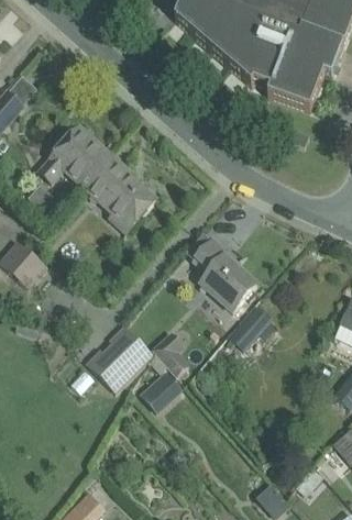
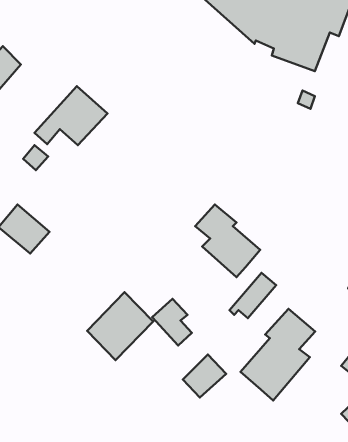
building: [79,153,154,228] -> none
building: none -> [240,309,315,400]
building: [139,372,180,413] -> [183,354,226,398]

